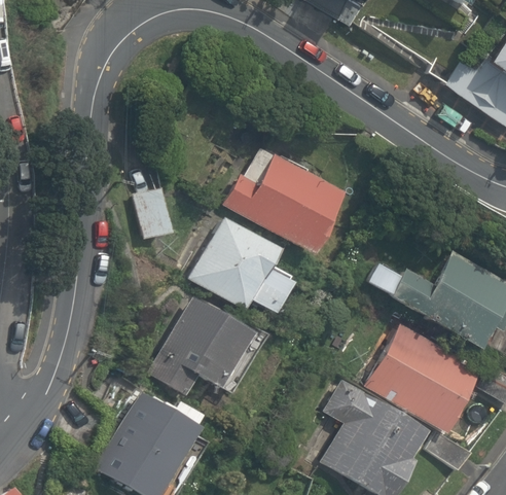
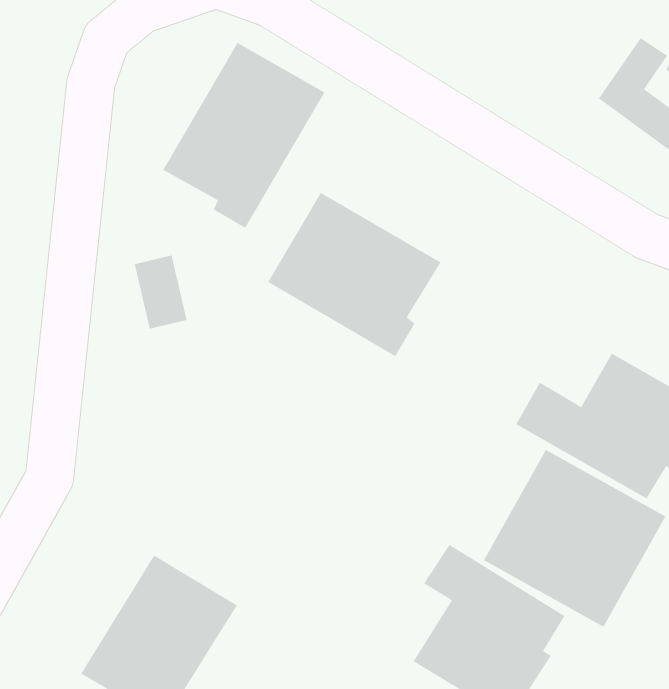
building: none -> [162,42,325,229]
building: [190,215,293,310] -> none
building: [152,297,265,411] -> none

